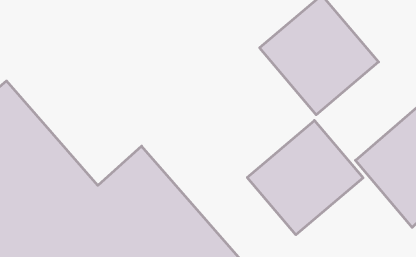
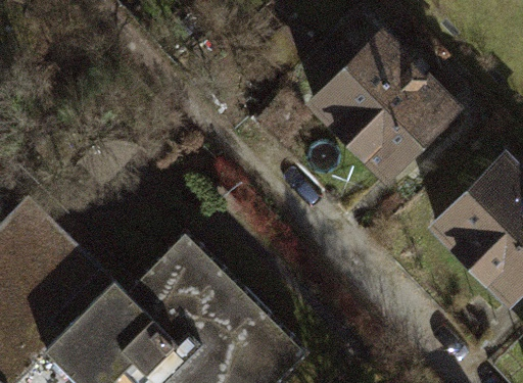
building: [247,120,363,235] -> none

